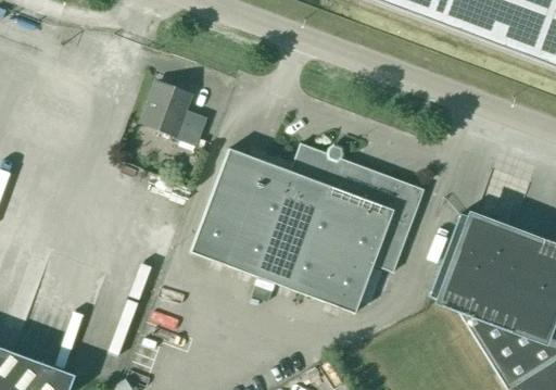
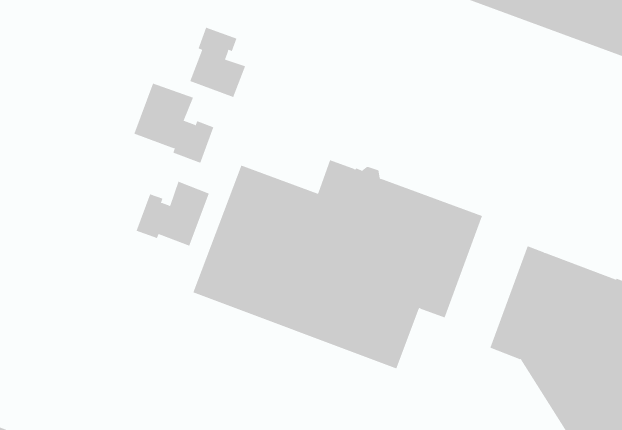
building: none -> [190,27,246,98]
building: none -> [136,181,209,246]

